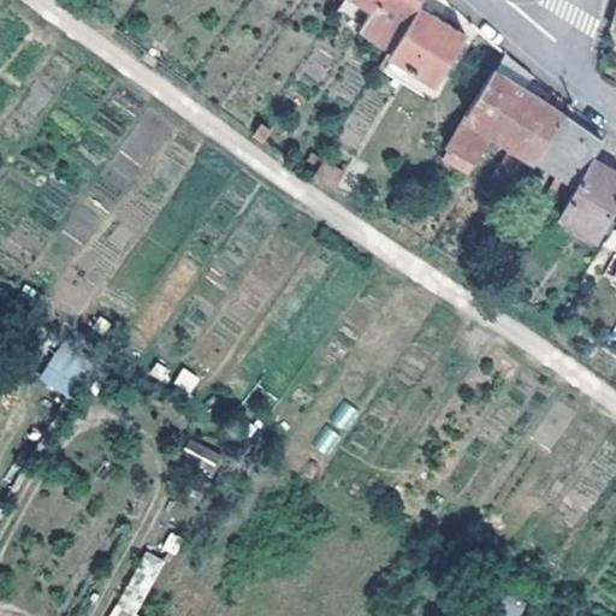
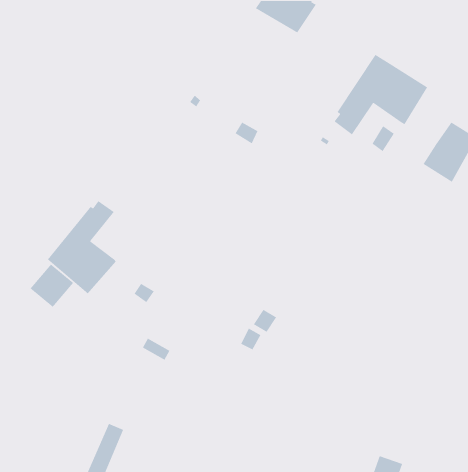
building: [390,8,464,82] -> none
building: [533,116,602,189] -> none
building: none -> [47,200,117,295]

